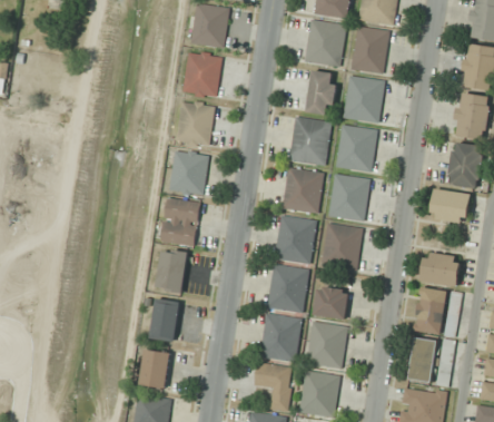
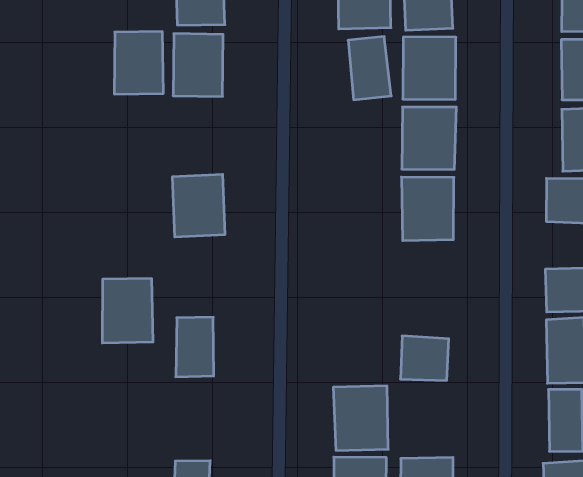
building: [175,99,215,147] -> [114,32,163,94]
building: [288,116,332,166] -> none
building: [280,166,324,214] -> none
building: [159,197,200,246] -> [102,279,153,343]
building: [274,215,316,264] -> none
building: [320,222,363,269] -> none
building: [266,264,309,313] -> none
building: [149,297,180,343] -> none
building: [305,321,347,369] -> none

